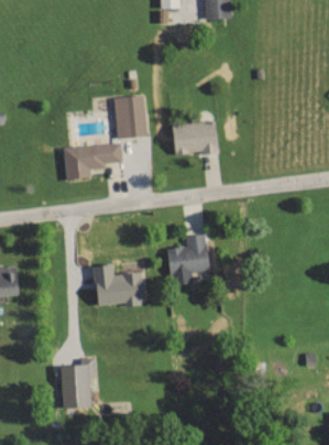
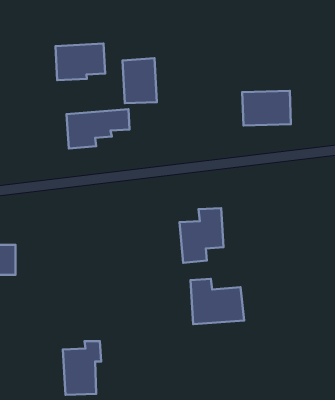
building: none -> [55,44,105,80]
building: [173,122,218,154] -> [242,91,291,125]
building: [95,264,144,306] -> [191,279,244,324]

